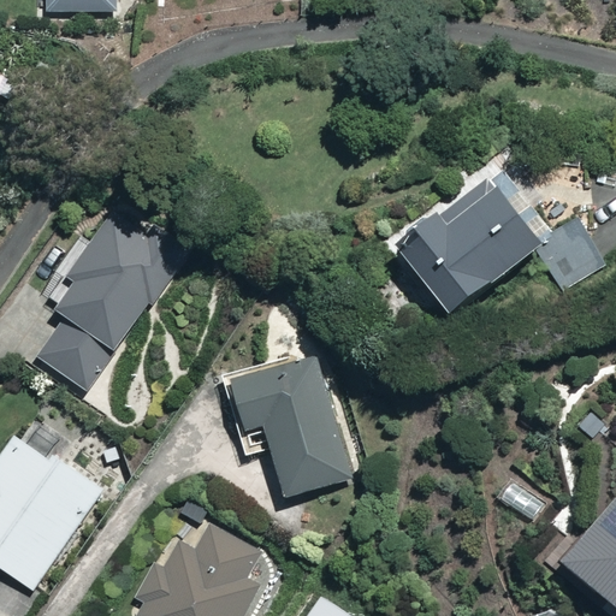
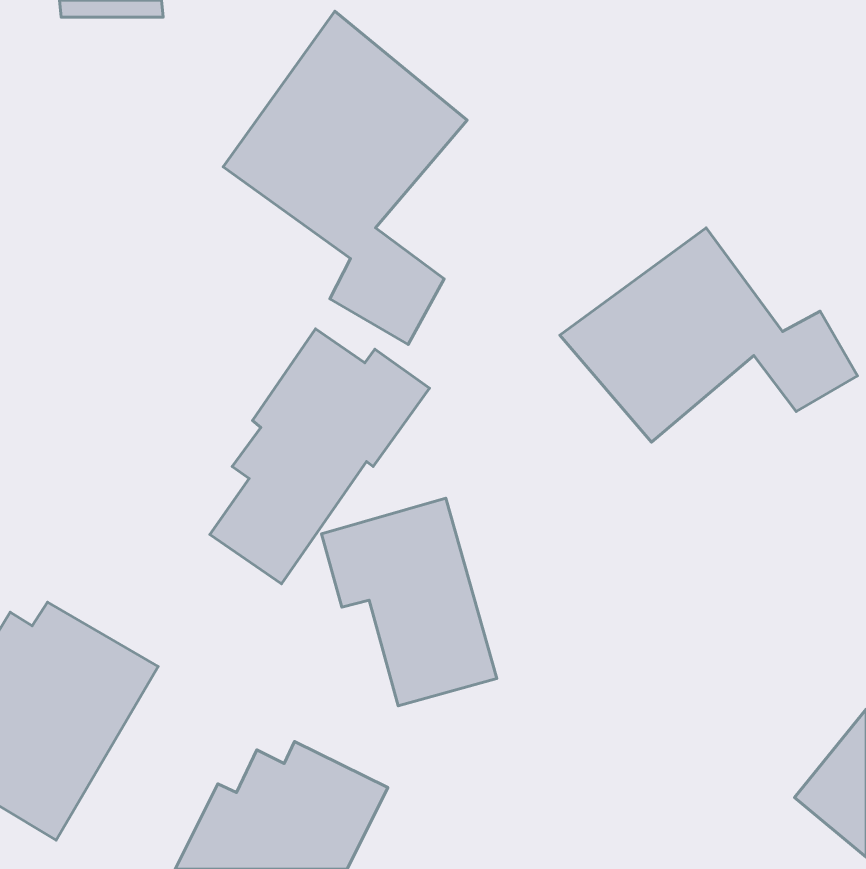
building: none -> [223,11,467,344]
building: [35,212,190,392] -> [210,329,429,584]

